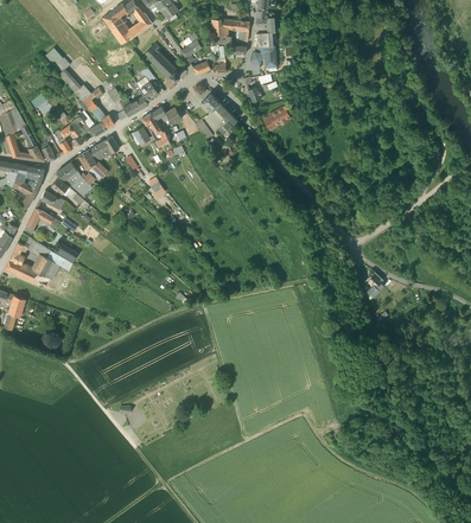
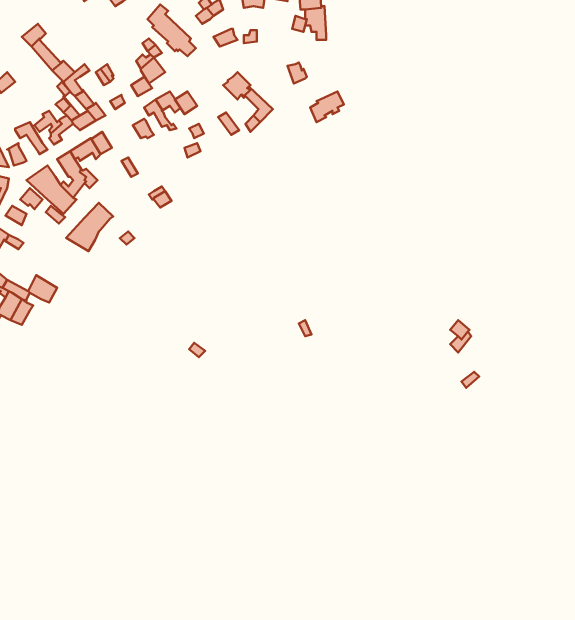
building: none -> [66,203,113,251]

